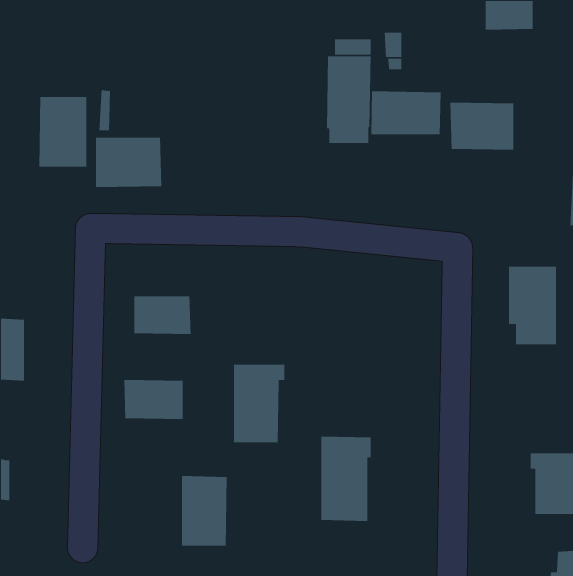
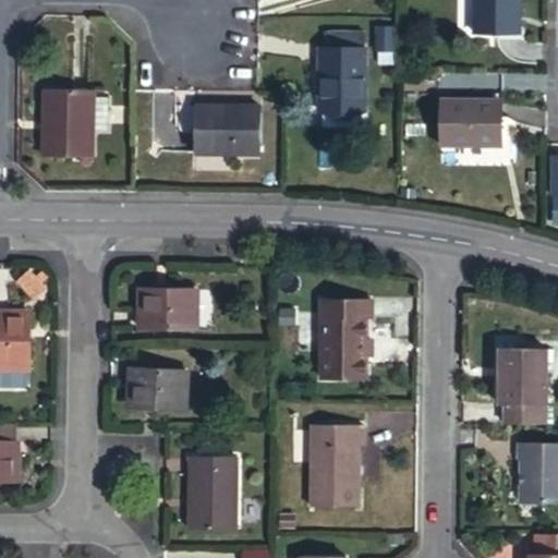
building: [370,91,441,135] -> none
building: [95,137,162,188] -> [196,110,260,159]
building: [508,266,557,345] -> [497,344,544,421]
building: [233,364,285,443] -> [322,300,372,376]

